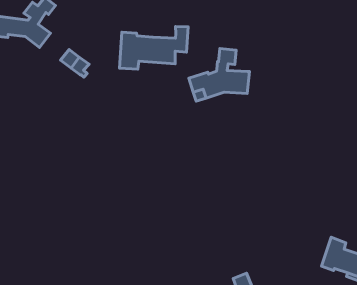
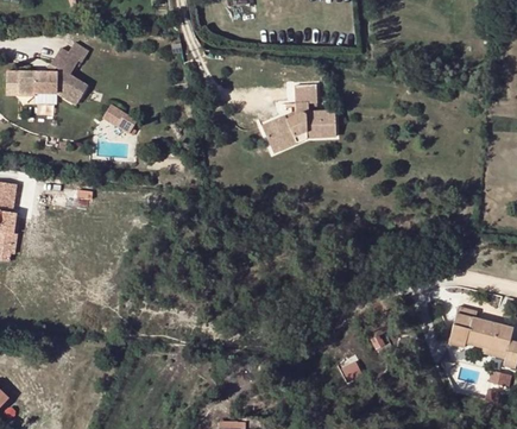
building: [120,26,188,69] -> none

